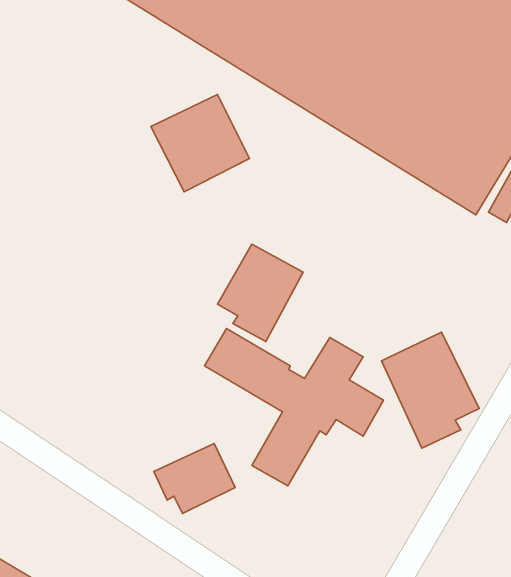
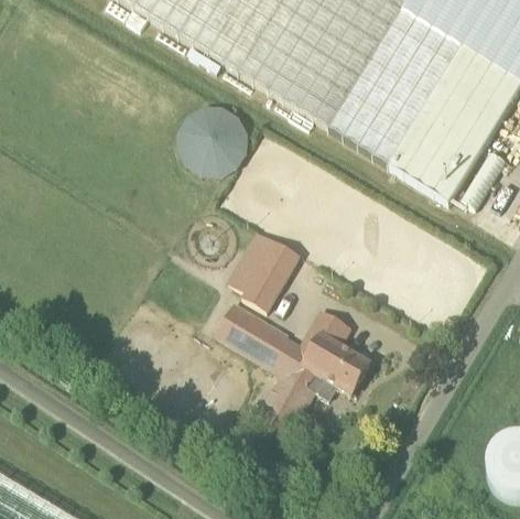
building: [382,332,479,448] -> none
building: [154,444,235,514] -> none

